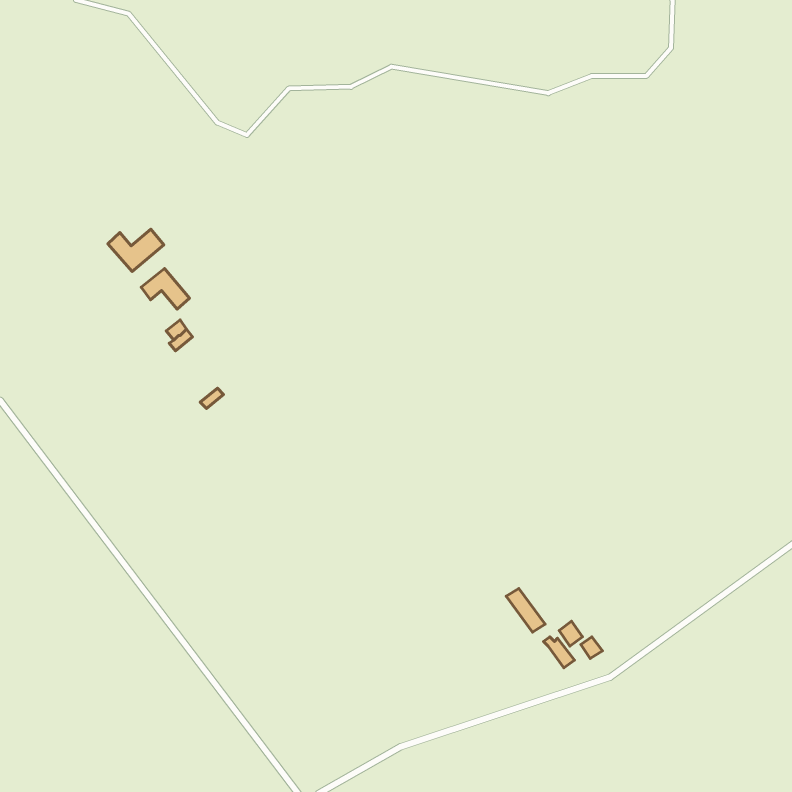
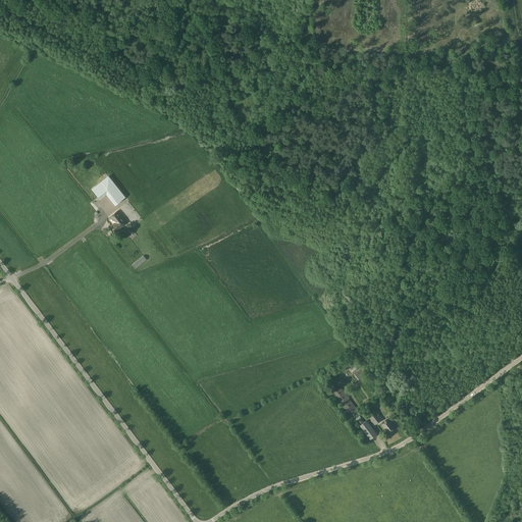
building: [108,229,164,271] -> none

